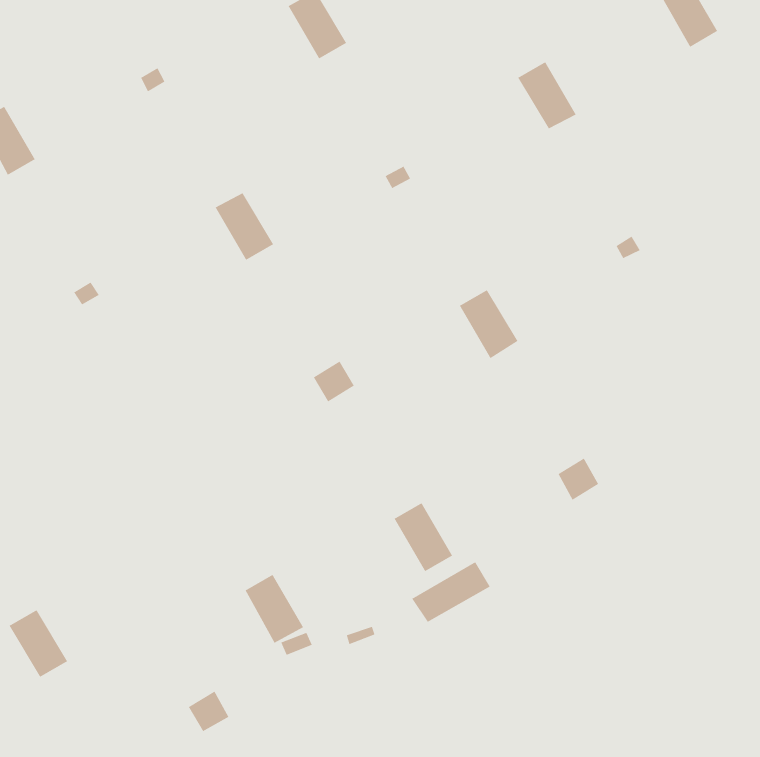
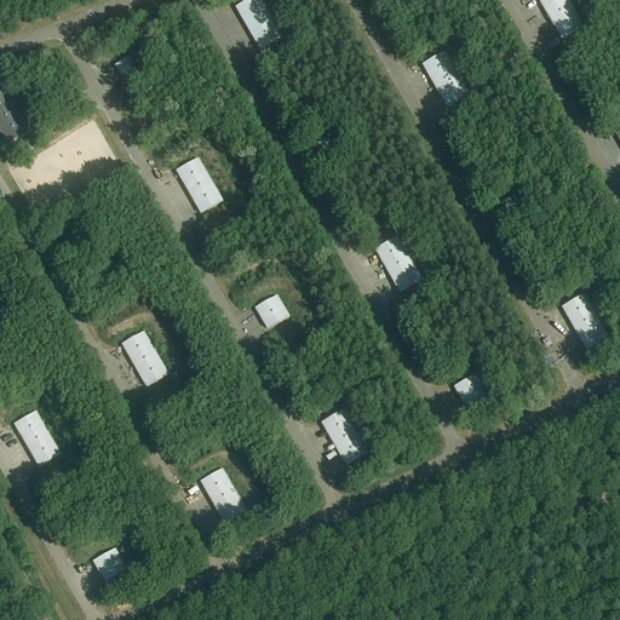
building: none -> [561,292,608,349]
building: none -> [120,329,168,385]
building: [411,561,491,623] -> none
building: [9,609,68,678] -> [12,409,61,465]
building: [188,690,230,732] -> [92,546,126,580]

